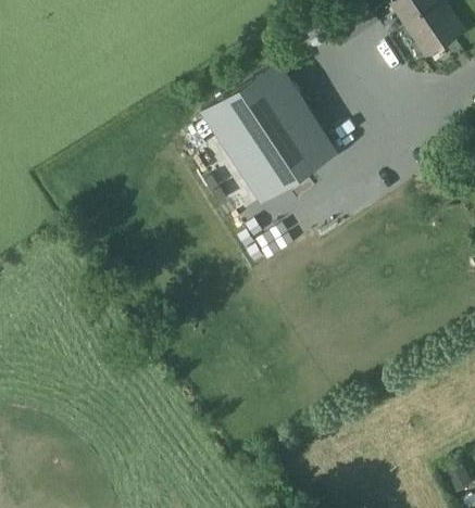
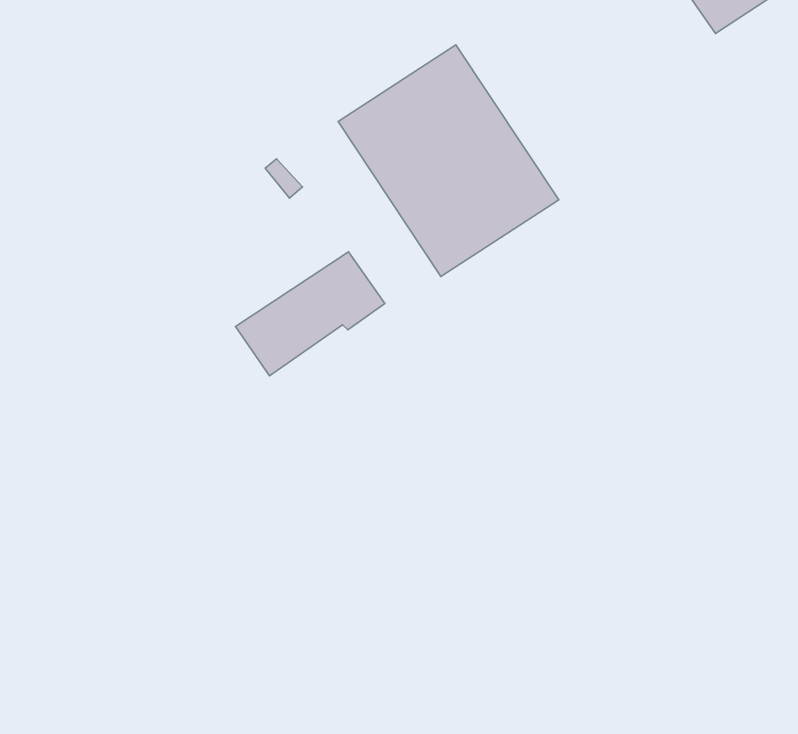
building: none -> [236,252,385,376]

